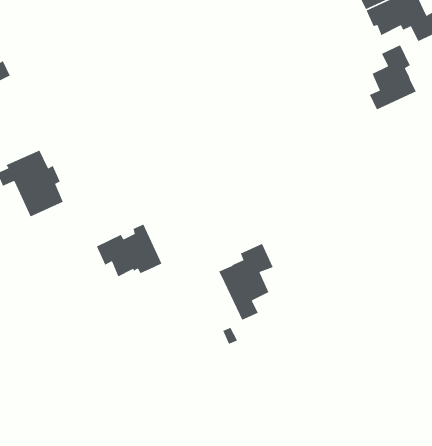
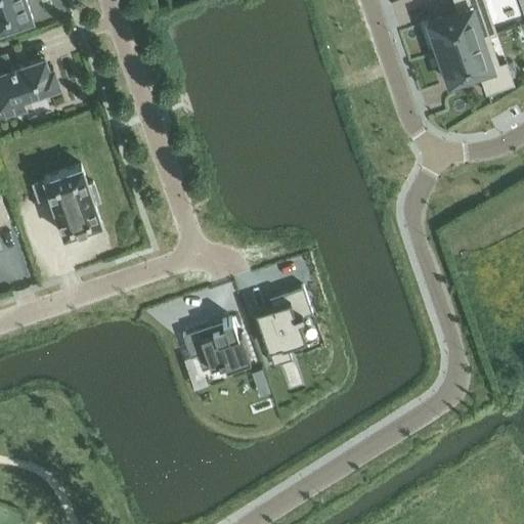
building: [369,44,417,111] -> none
building: [96,224,163,277] -> [181,318,249,372]

